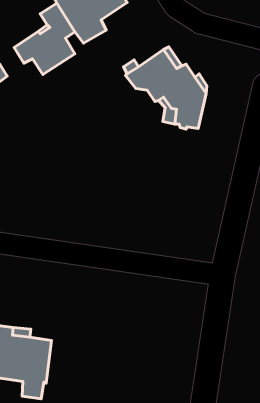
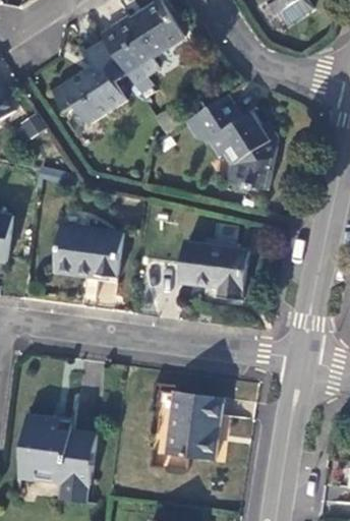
building: none -> [55,227,121,279]
building: none -> [180,241,247,300]
building: none -> [166,394,219,461]

